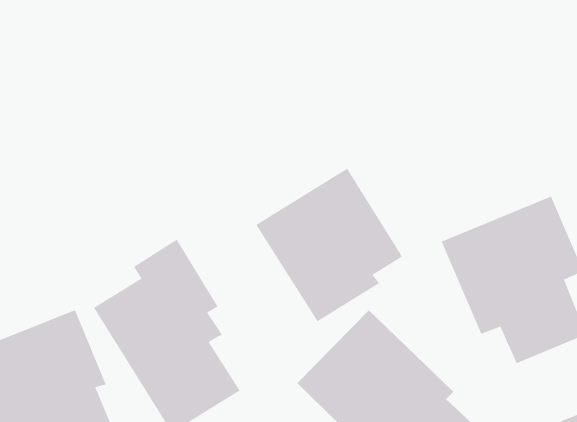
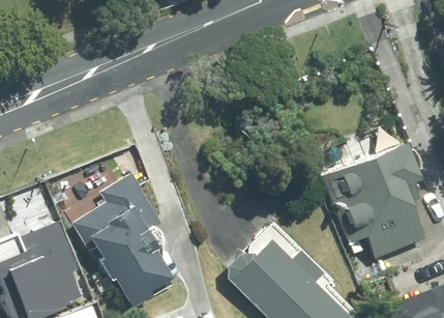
building: [255,168,403,322] -> none

